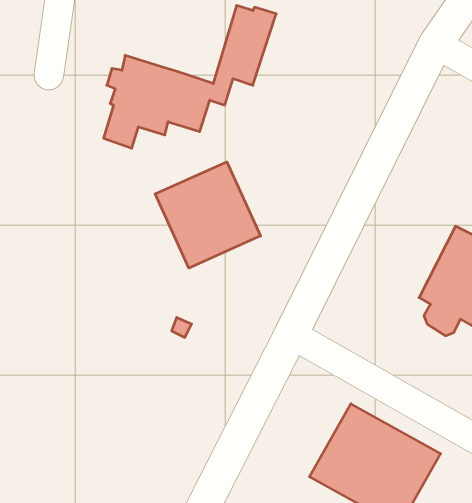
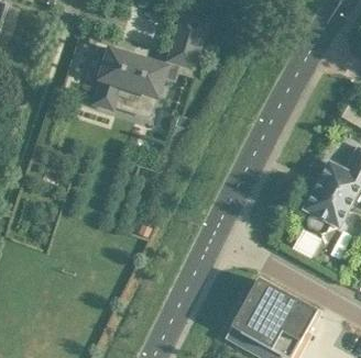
building: [155,162,261,268] -> none

